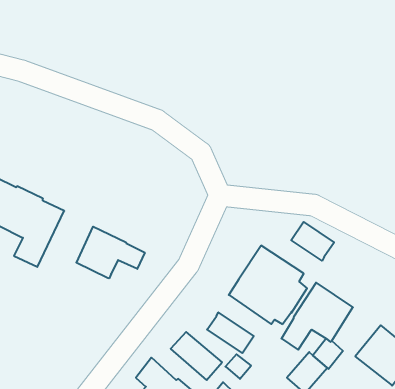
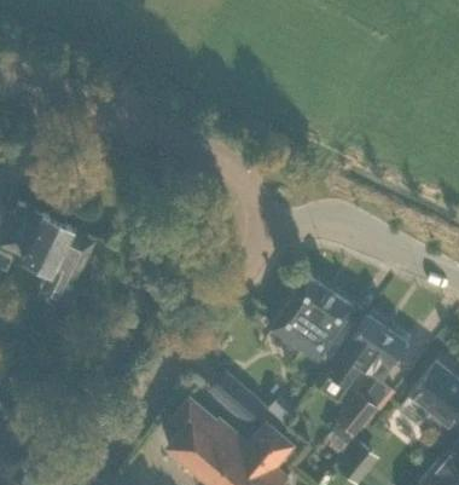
building: [291,222,334,261] -> none
building: [76,227,145,278] -> none
building: [207,312,254,353] -> none

